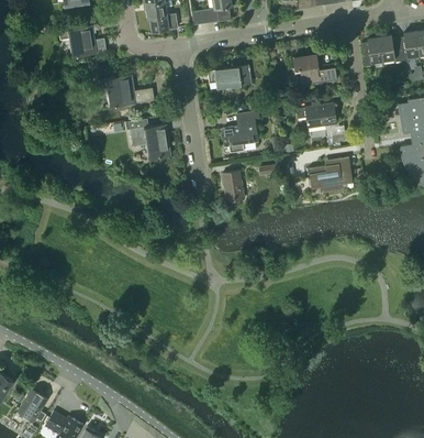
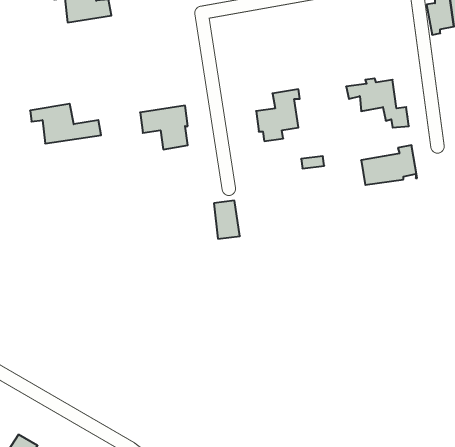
building: [292,54,336,85] -> none
building: [207,65,250,89] -> none
building: [97,75,154,107] -> [30,104,101,143]
building: [223,171,244,201] -> [214,201,240,239]

